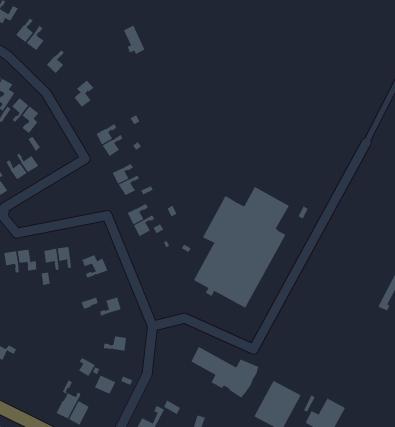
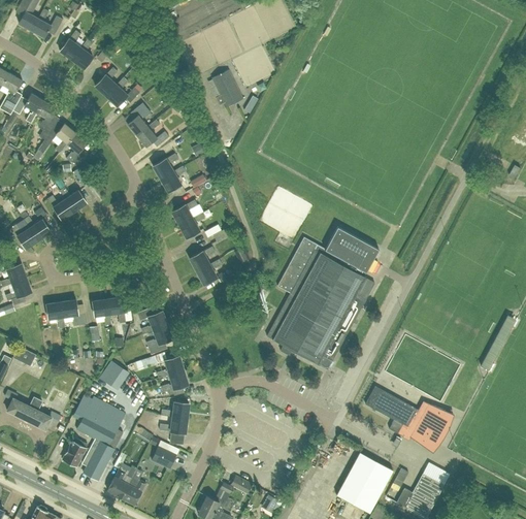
building: [123,25,145,55] -> [211,71,237,106]
building: none -> [106,76,139,106]
building: none -> [136,119,169,147]
building: none -> [145,324,172,354]
building: none -> [98,360,129,390]
building: none -> [161,369,188,395]
building: none -> [74,394,124,479]
building: [191,346,266,402] -> [365,386,453,451]
building: none -> [159,416,187,444]
building: none -> [63,436,87,465]

